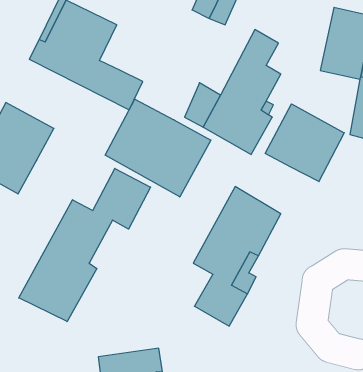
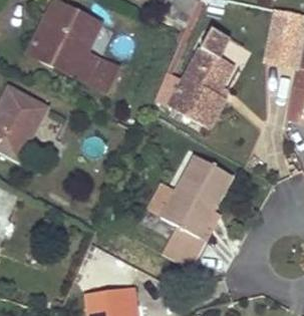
building: [105,99,211,197] -> none
building: [265,104,344,182] -> none
building: [19,168,151,322] -> none

